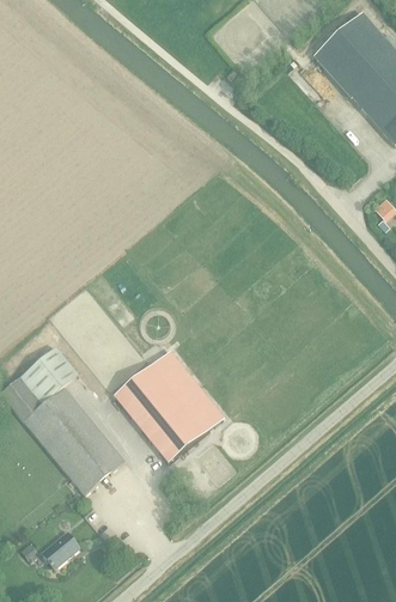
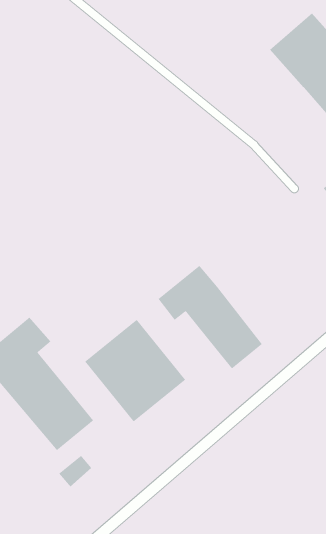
building: none -> [158,265,263,369]
building: [42,531,79,567] -> [58,455,92,488]

